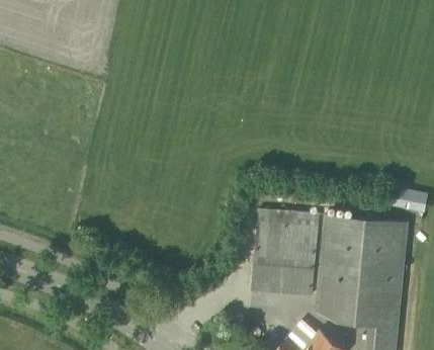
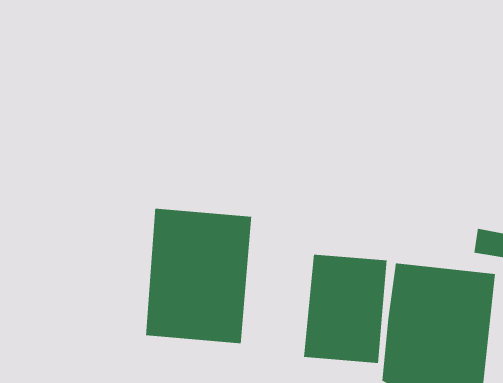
building: none -> [145,208,252,344]

